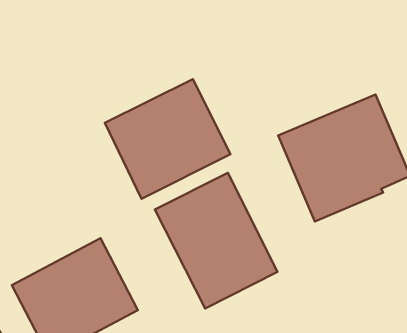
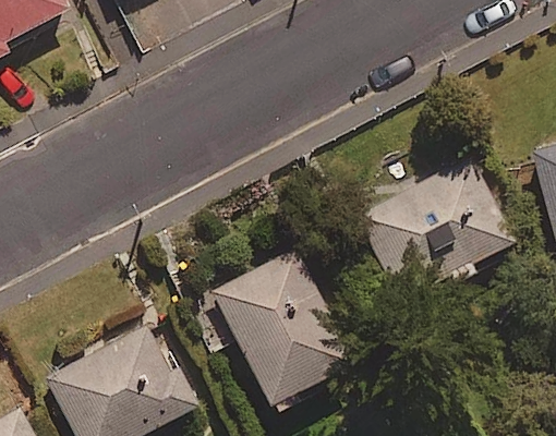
building: [105,79,231,199] -> none

